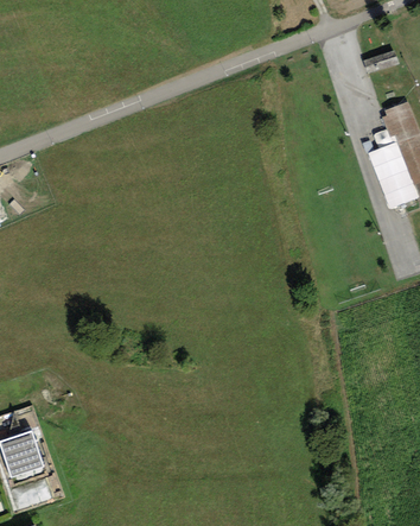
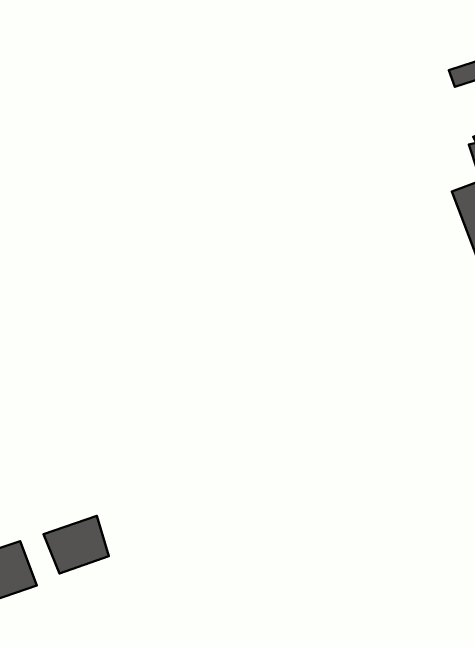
building: none -> [43,516,109,574]

